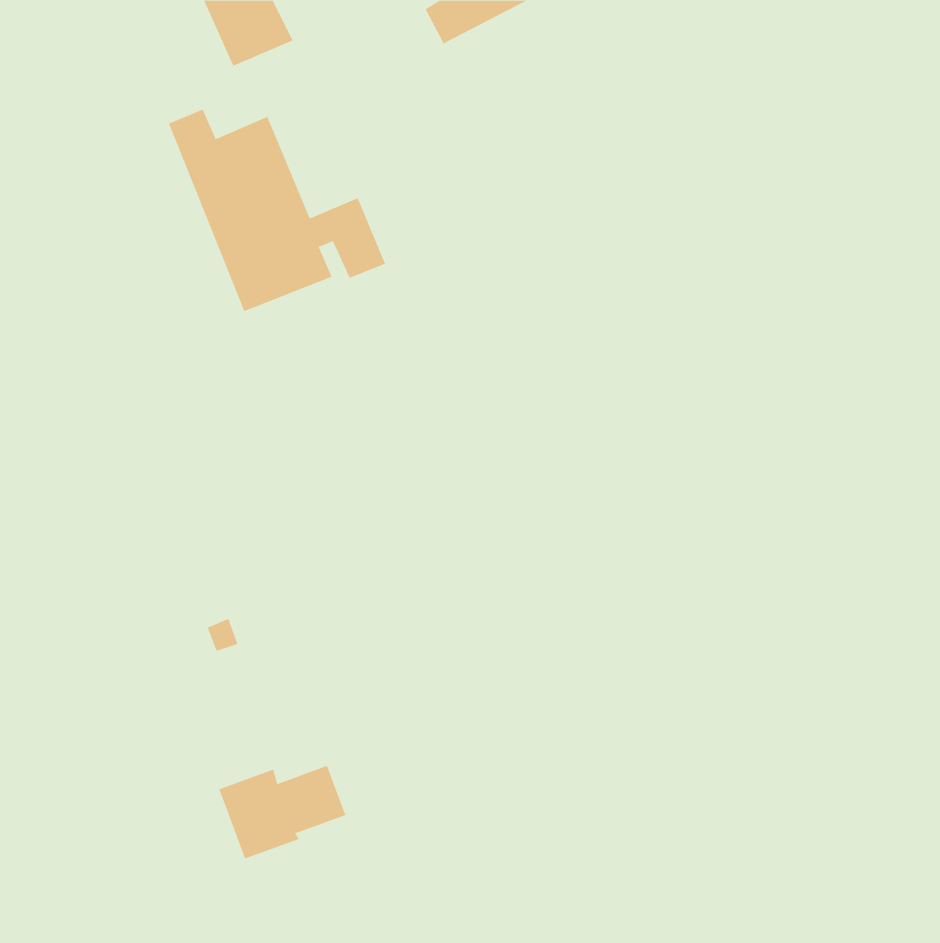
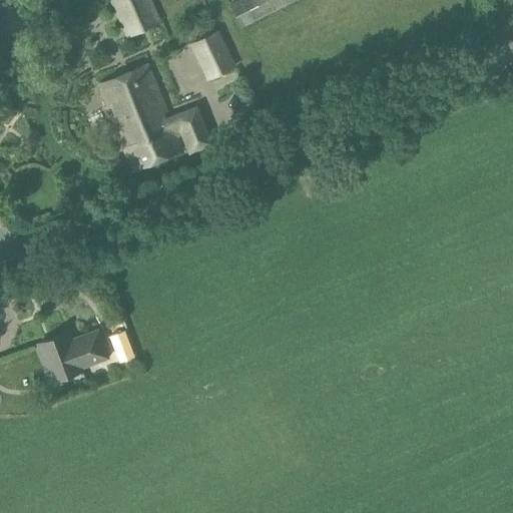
building: none -> [192,30,235,78]
building: [219,765,346,859] -> [39,331,108,382]

